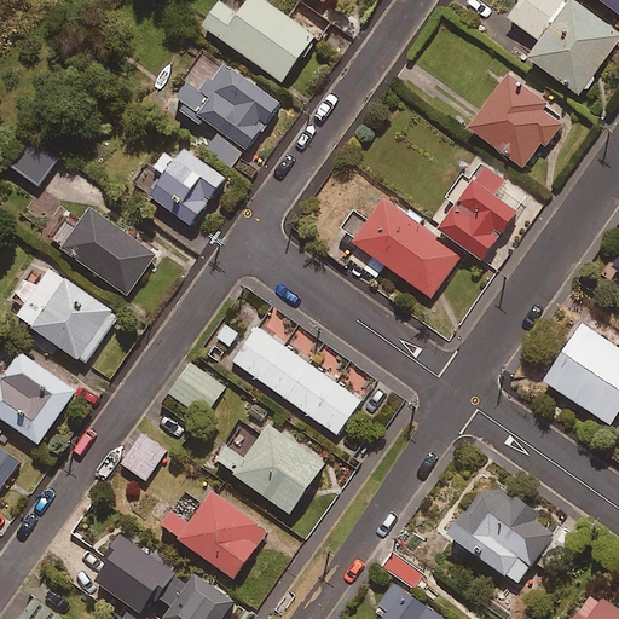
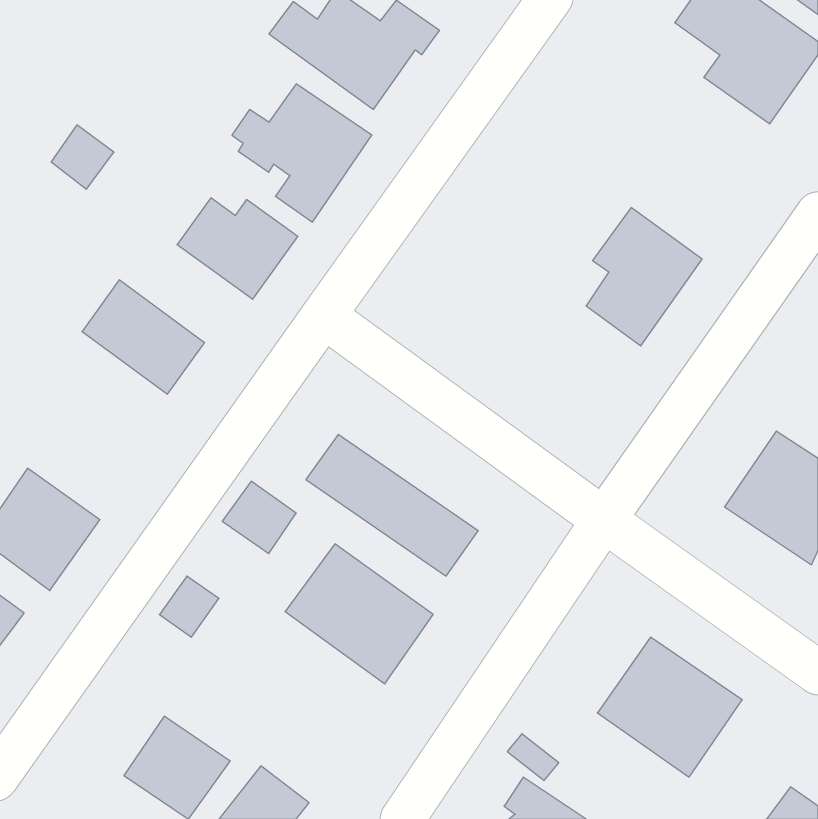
building: [469,76,561,167] -> none
building: [10,138,57,186] -> [51,125,114,189]
building: [353,199,459,296] -> none
building: [16,267,117,364] -> none
building: [160,492,266,578] -> none

